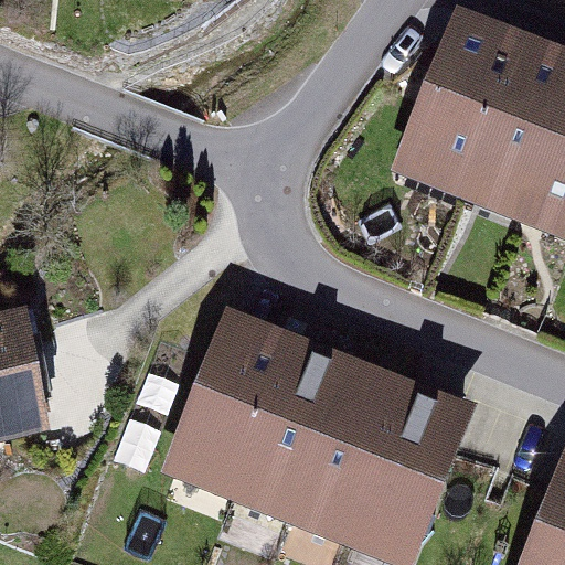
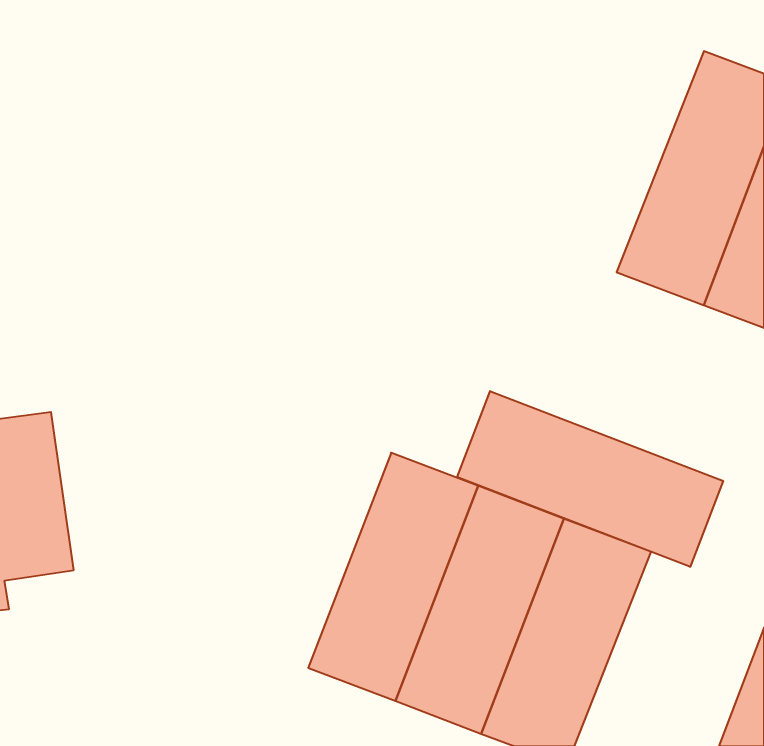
building: [390,12,516,200] -> none
building: none -> [457,391,723,567]
building: [163,308,287,490] -> none

